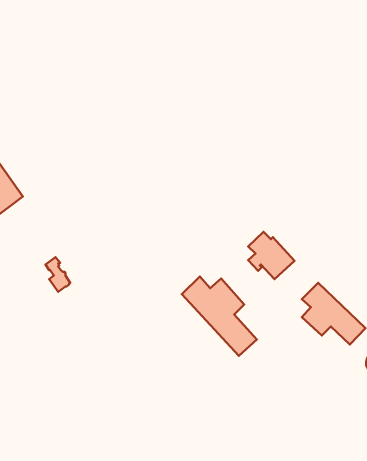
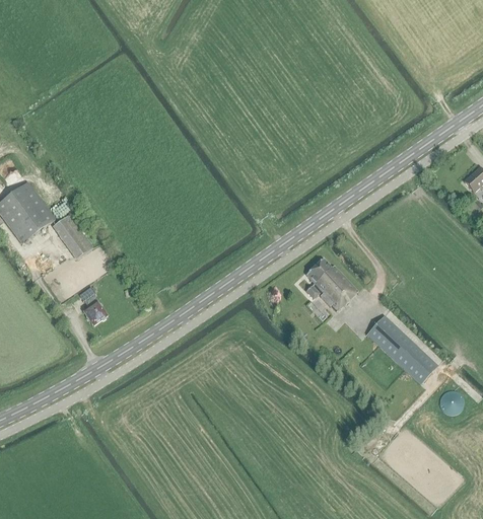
building: none -> [52,212,93,258]
building: [182,276,257,356] -> none

